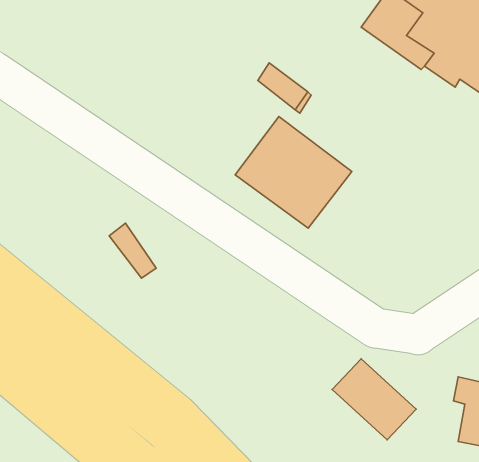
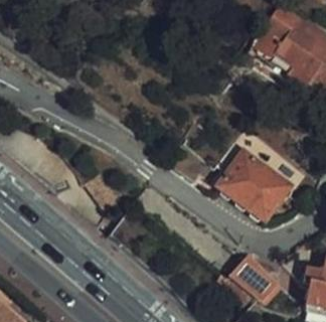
building: [235,117,352,228] -> [219,149,292,218]

